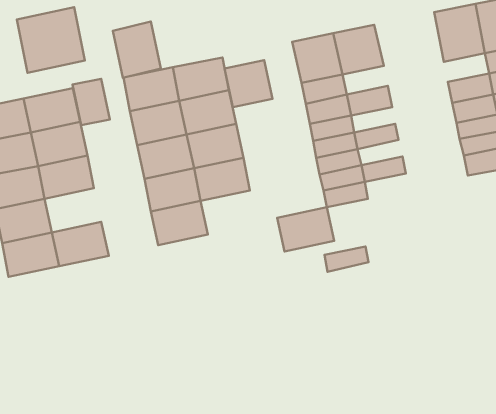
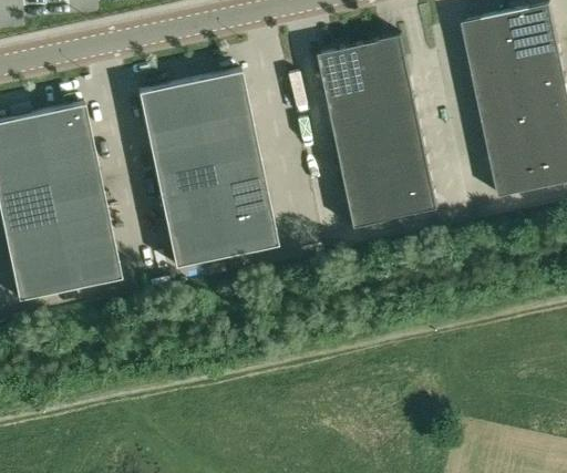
building: [17,7,85,73] -> none
building: [113,22,161,78] -> none
building: none -> [474,66,522,96]
building: [225,60,272,107] -> none
building: none -> [368,80,415,110]
building: [72,79,110,125] -> none
building: none -> [377,123,423,150]
building: none -> [383,157,431,184]
building: none -> [54,208,114,255]
building: [277,207,334,251] -> [218,210,278,257]
building: [324,246,369,272] -> [391,193,437,219]

